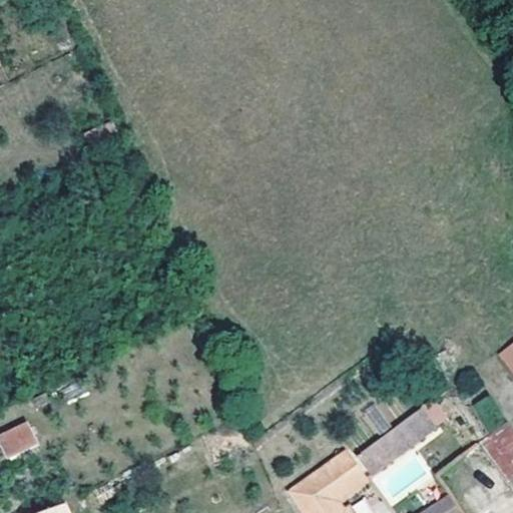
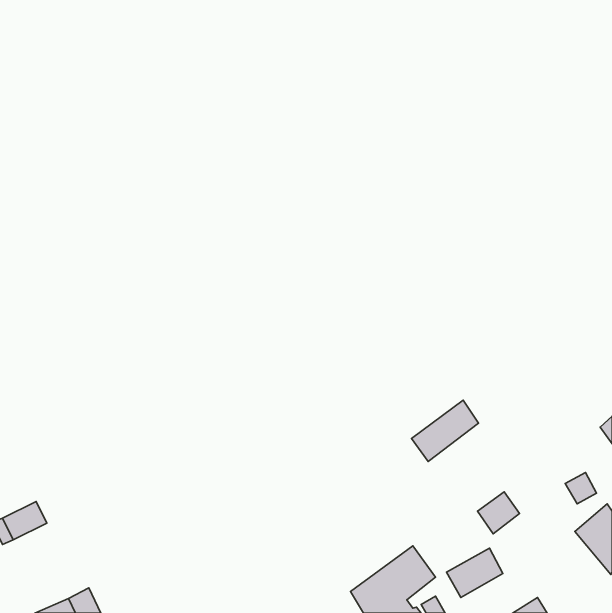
building: [356,427,412,478] -> [411,400,479,461]

